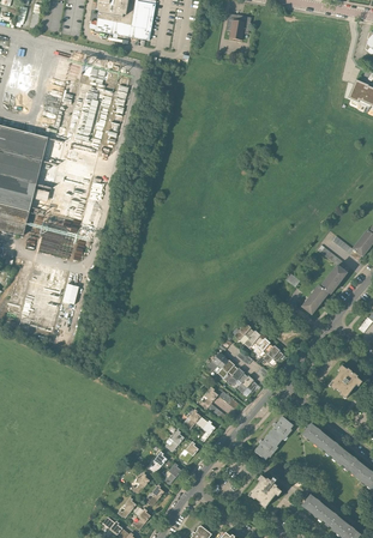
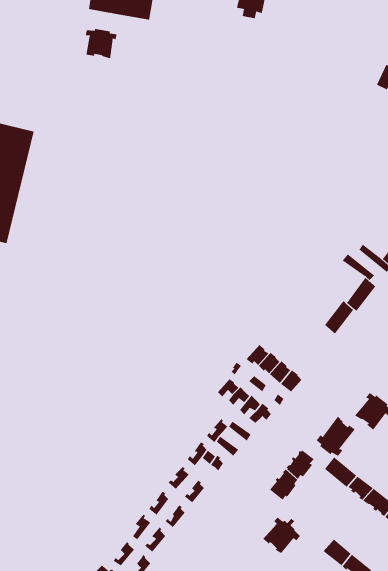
building: none -> [85,28,117,59]
building: none -> [316,416,356,457]

